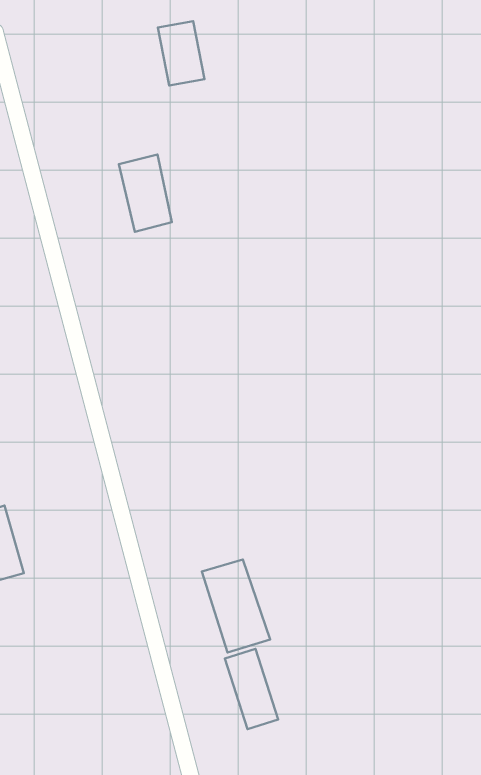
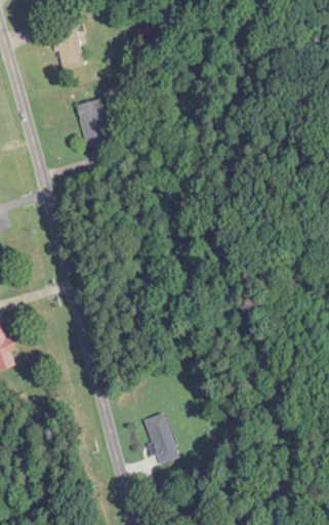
building: [158,21,204,86] -> [52,24,82,65]
building: [202,559,270,652] -> none

